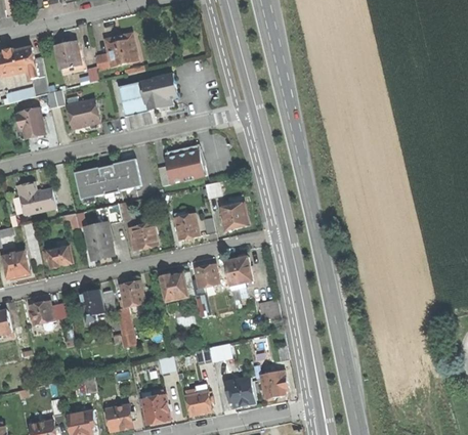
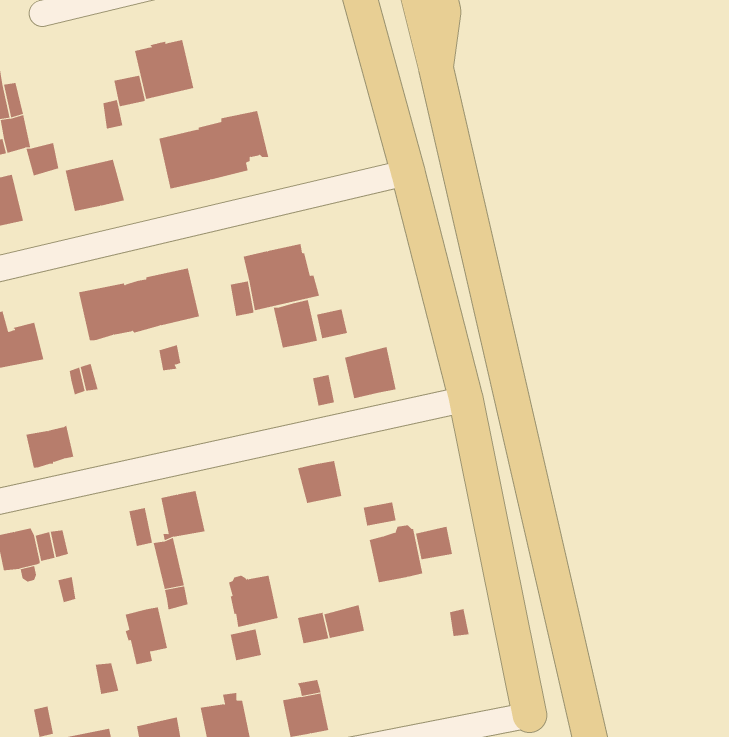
building: [54,41,84,74] -> none
building: [174,213,199,240] -> [273,300,318,348]
building: [128,222,157,249] -> none
building: [86,223,113,259] -> none
building: [223,254,253,286] -> [369,525,423,583]
building: [159,272,186,301] -> [228,575,279,628]
building: [79,290,102,321] -> [125,607,168,665]
building: [259,369,287,400] -> none
building: [224,377,254,406] -> none

